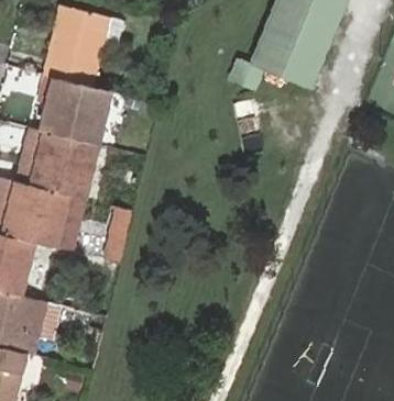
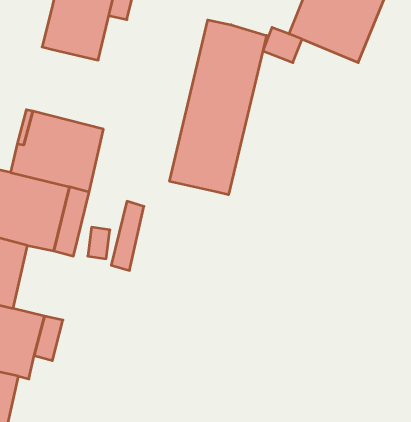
building: none -> [170,20,267,195]
building: [41,77,110,144] -> none

